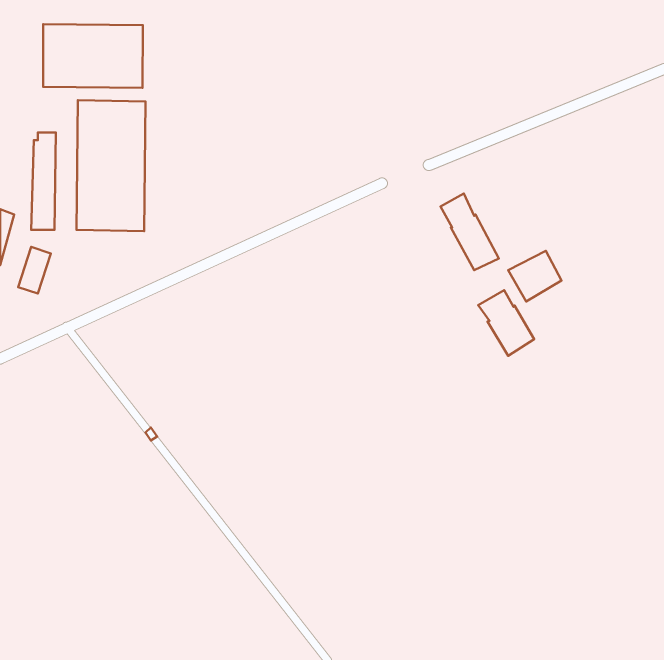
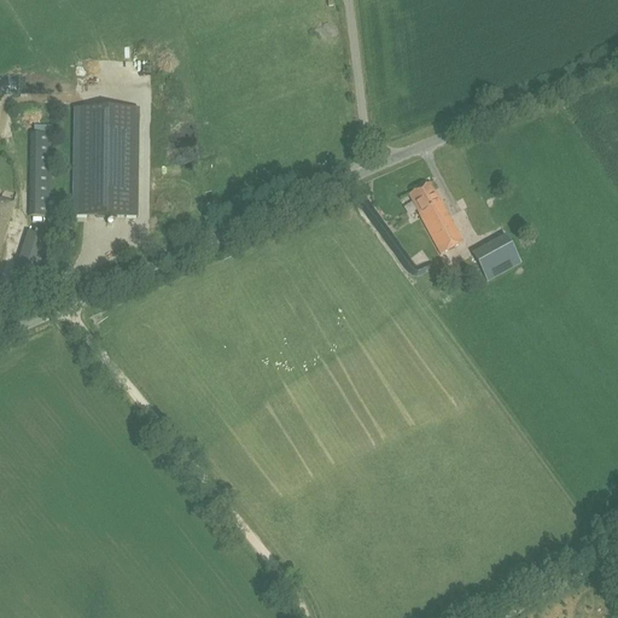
building: [43,24,143,88] -> none
building: [478,290,534,356] -> none

